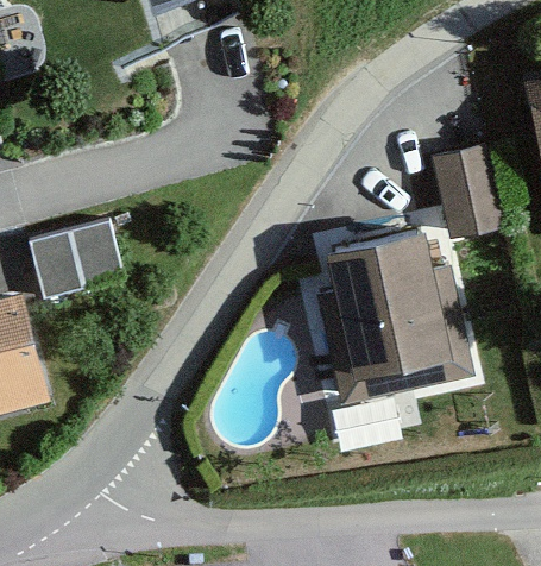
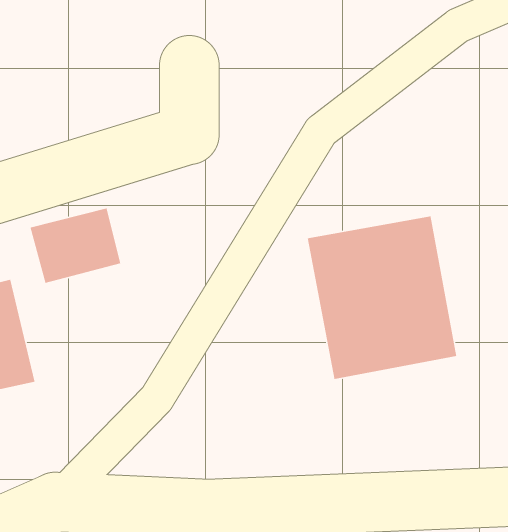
building: [435,144,503,234] -> none

